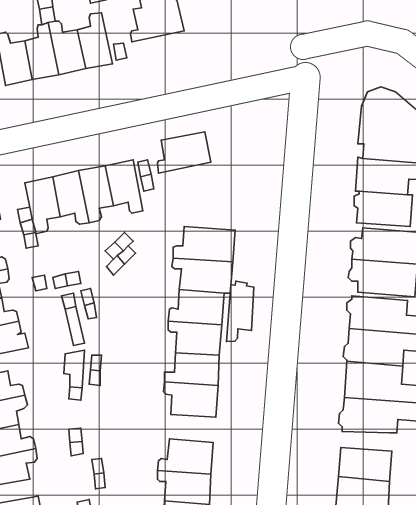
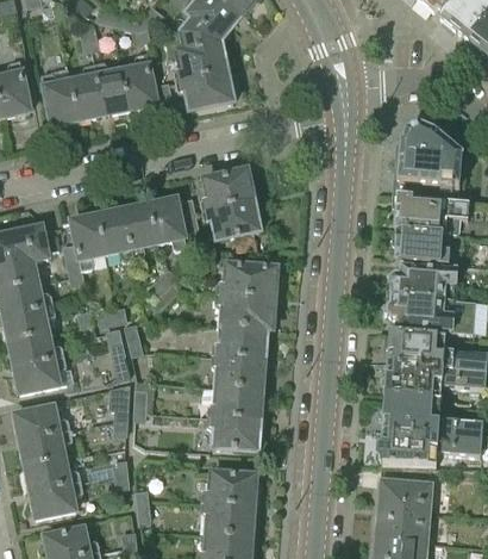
building: none -> [176,70,233,110]
building: none -> [202,199,259,238]
building: [227,281,254,341] -> none

